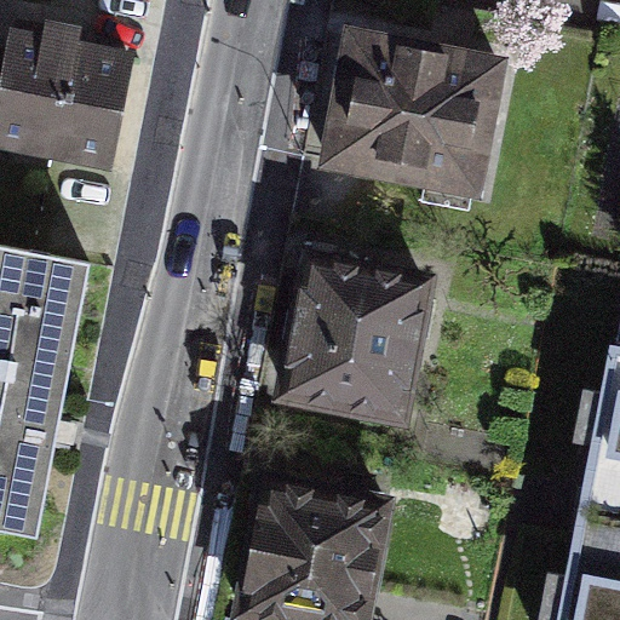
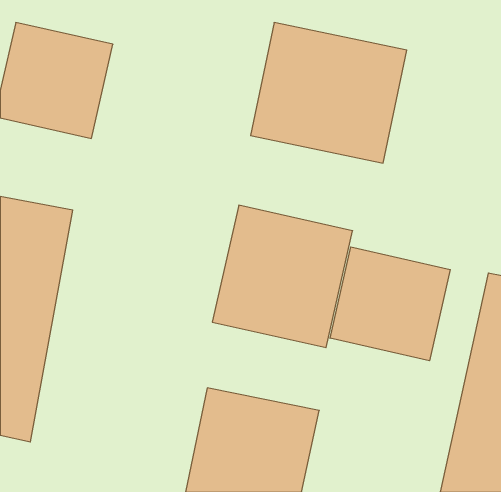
building: none -> [330,247,450,361]

